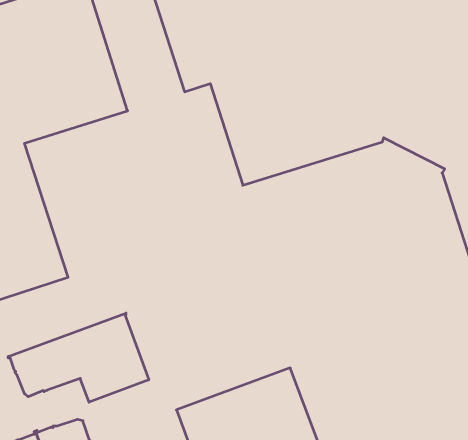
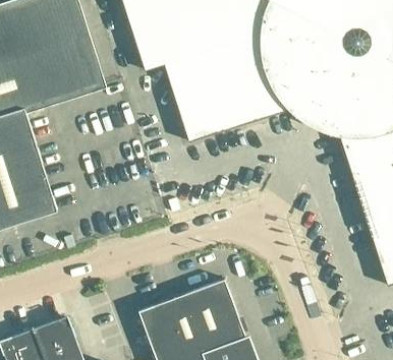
building: [8,313,149,402] -> none

